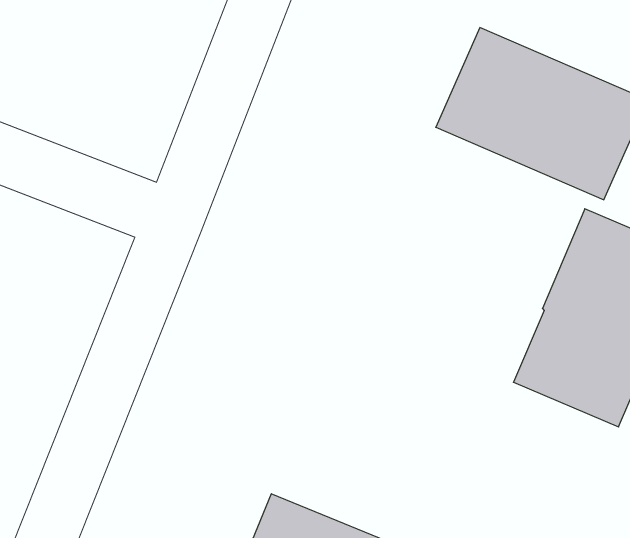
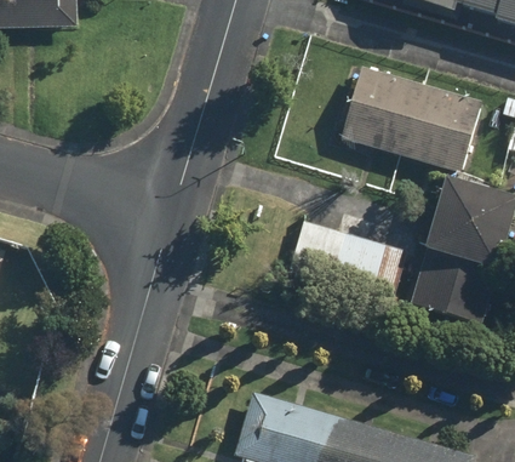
building: none -> [290,219,404,295]

